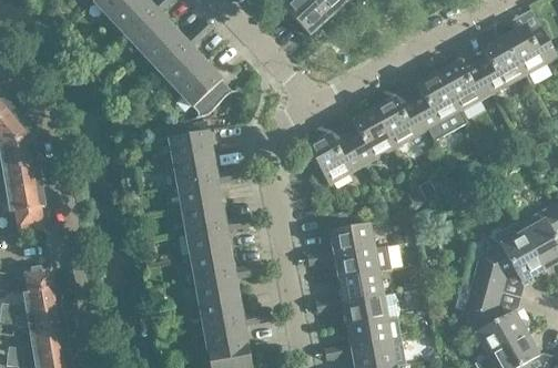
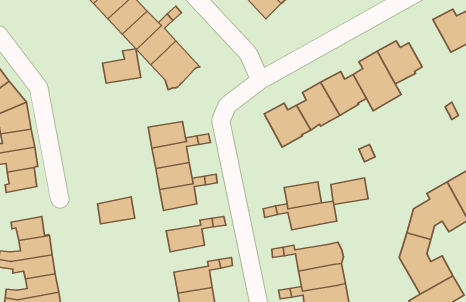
building: [475,35,524,90] -> none
building: [169,120,213,160] -> [102,49,141,83]
building: [191,248,234,279] -> [98,197,135,224]
building: [339,270,383,301] -> [331,178,368,205]
building: [199,296,243,327] -> none

